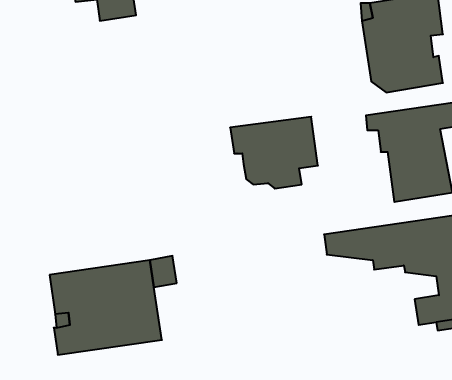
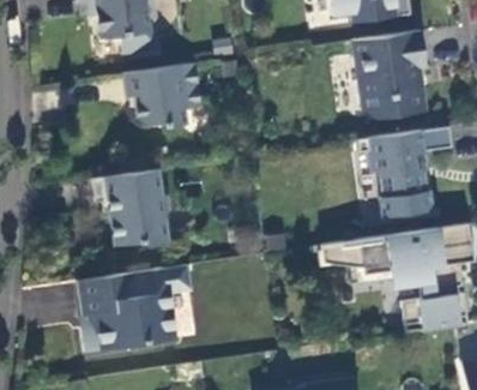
building: [230,117,318,189] -> [123,64,201,127]
building: none -> [92,168,170,246]

